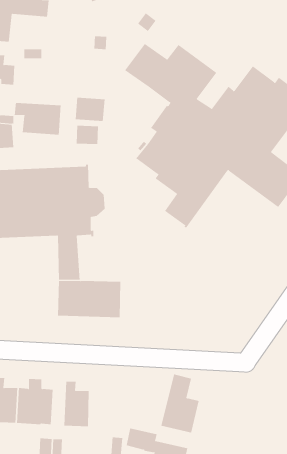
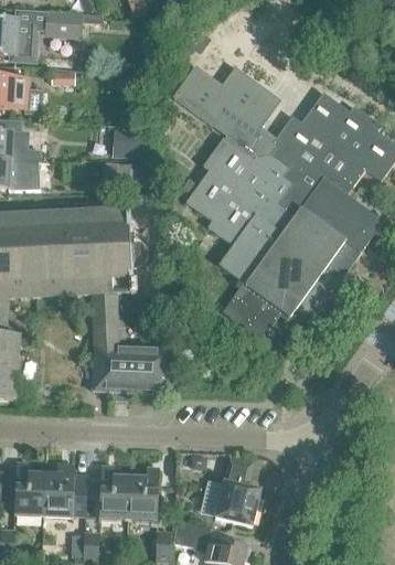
building: [14,102,61,136] -> none
building: none -> [220,215,353,355]
building: none -> [128,466,159,519]

